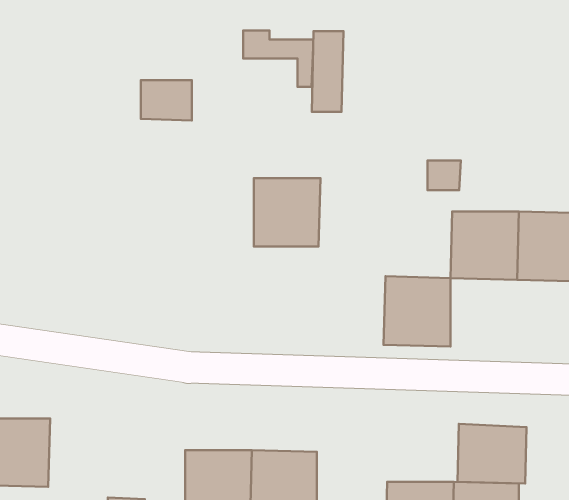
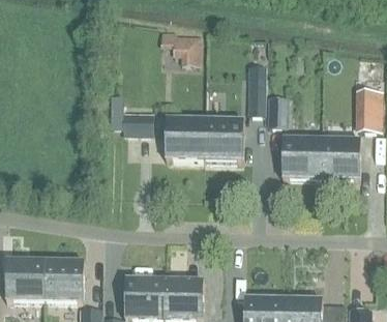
building: [312,31,343,112] -> [247,66,266,114]
building: [141,80,192,121] -> [123,112,153,136]
building: [384,276,450,347] -> [204,118,243,159]
building: none -> [44,260,84,300]
building: [457,424,527,484] -> none

